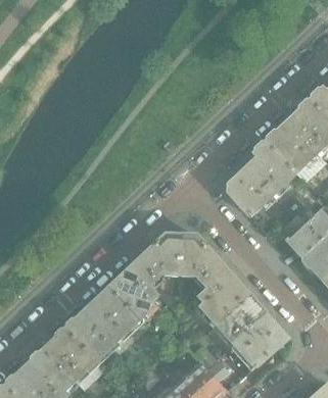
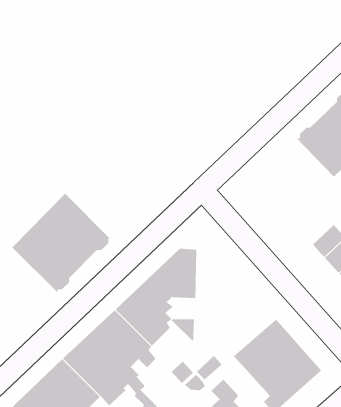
building: [228,140,297,230] -> none
building: none -> [12,193,111,294]
building: [180,235,248,326] -> none

